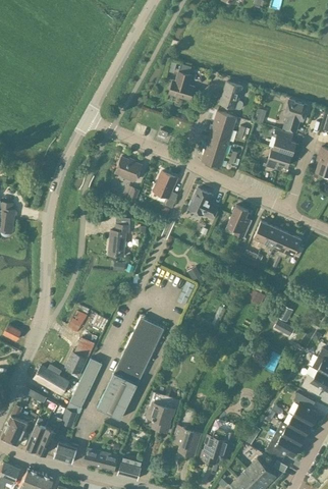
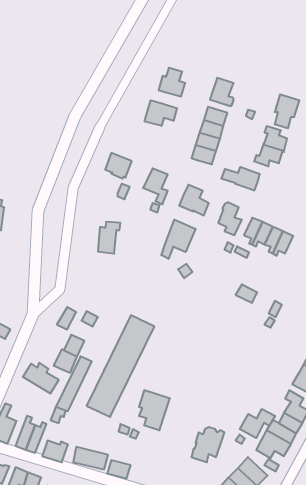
building: none -> [145,100,177,126]
building: none -> [221,167,260,191]
building: none -> [161,220,196,259]
building: none -> [240,409,275,438]
building: [174,426,202,456] -> none

